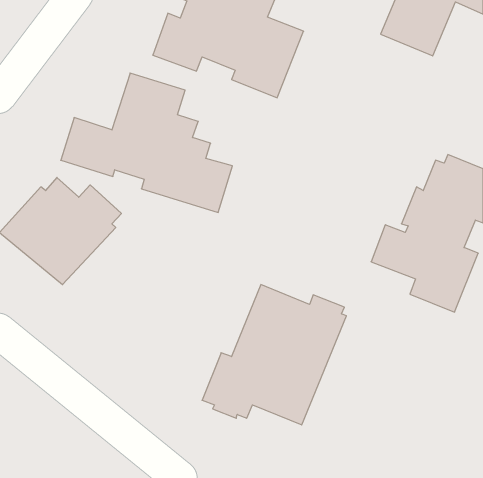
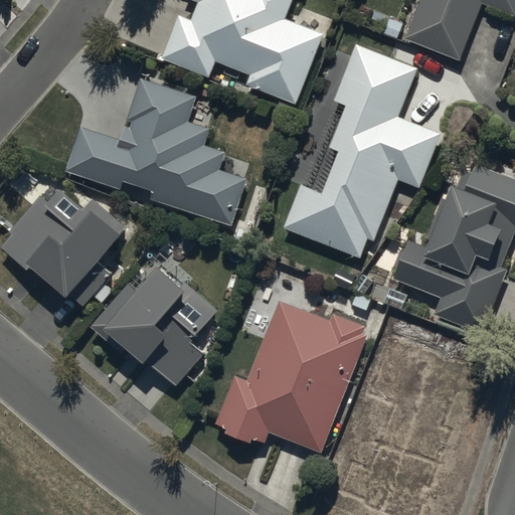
building: none -> [284,44,440,254]
building: none -> [92,272,217,385]

